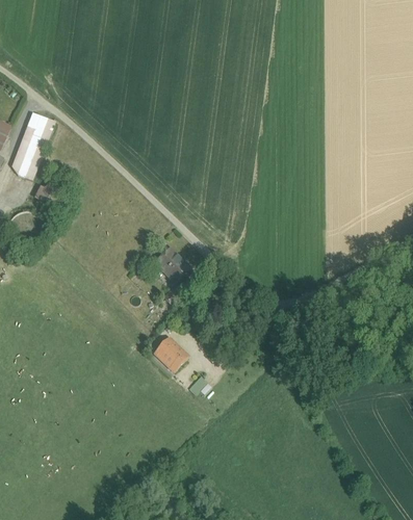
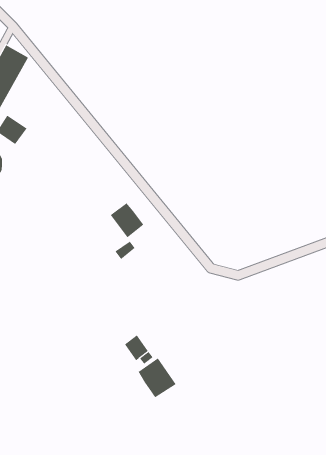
building: [153,338,187,372] -> none
building: none -> [138,358,177,398]

